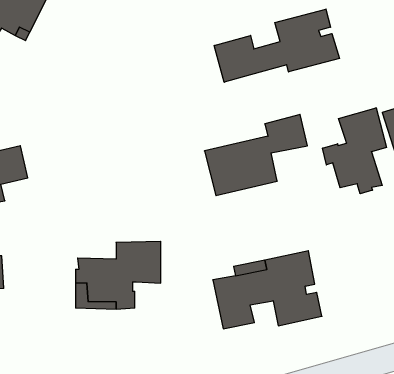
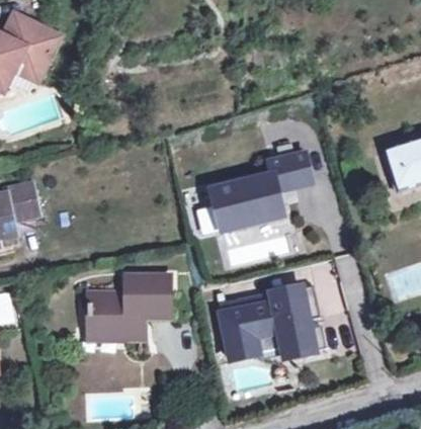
building: [214,9,340,82] -> none
building: [323,108,387,194] -> none

